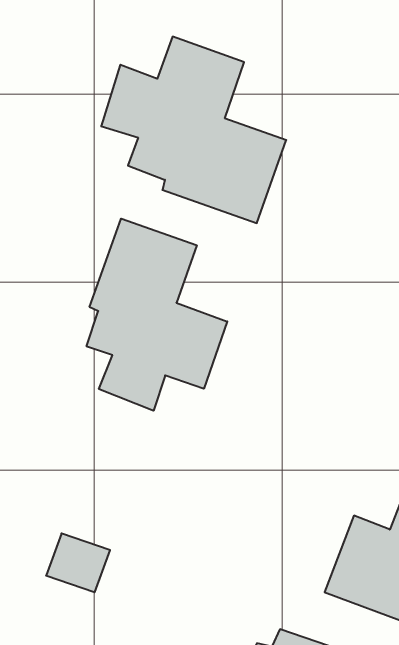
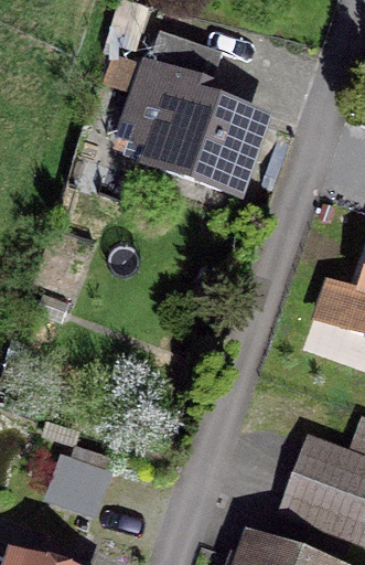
building: [87,219,227,411] -> none

